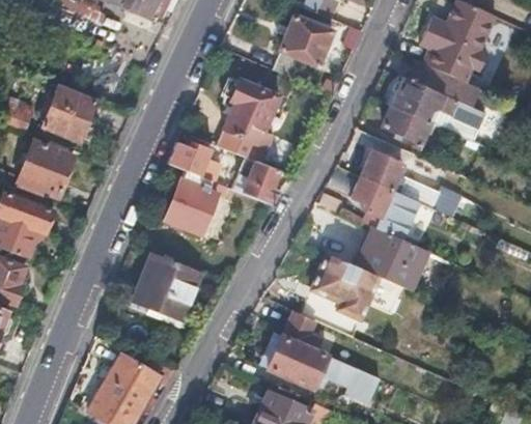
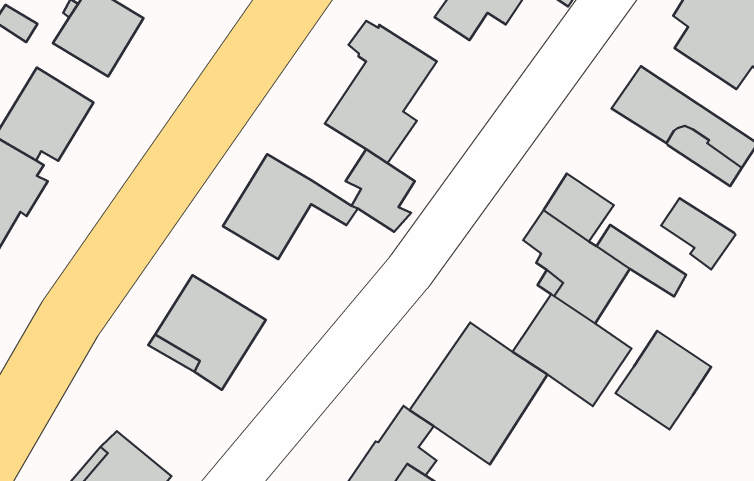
building: [384,106,430,146] -> [661,198,736,269]
building: [168,141,221,181] -> none
building: none -> [616,331,711,430]

